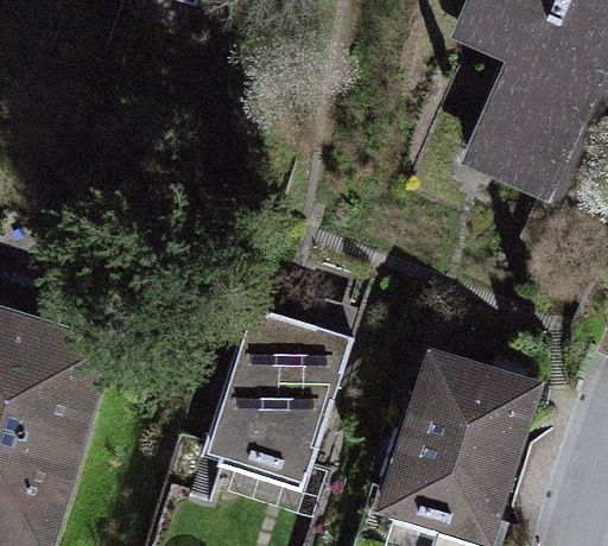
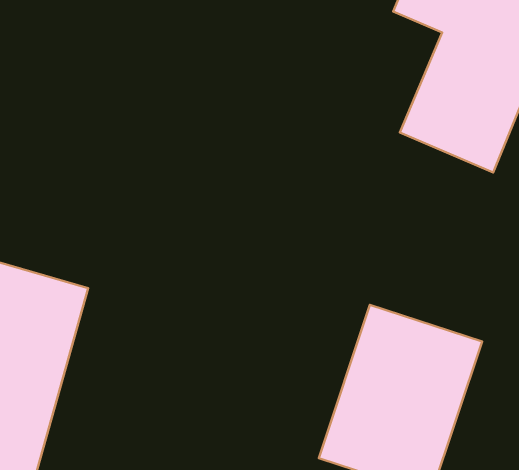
building: [196,309,344,483] -> none

